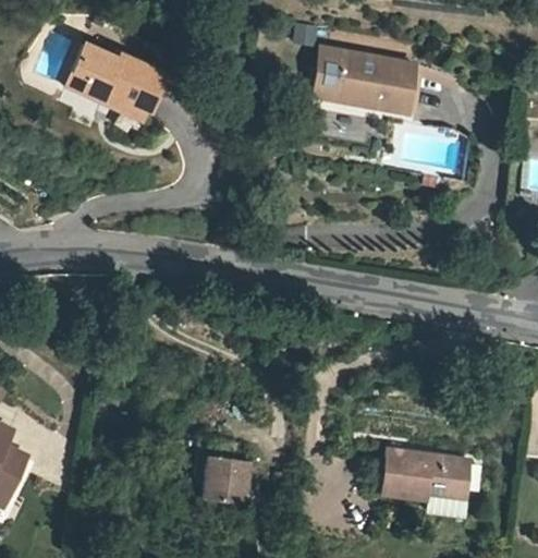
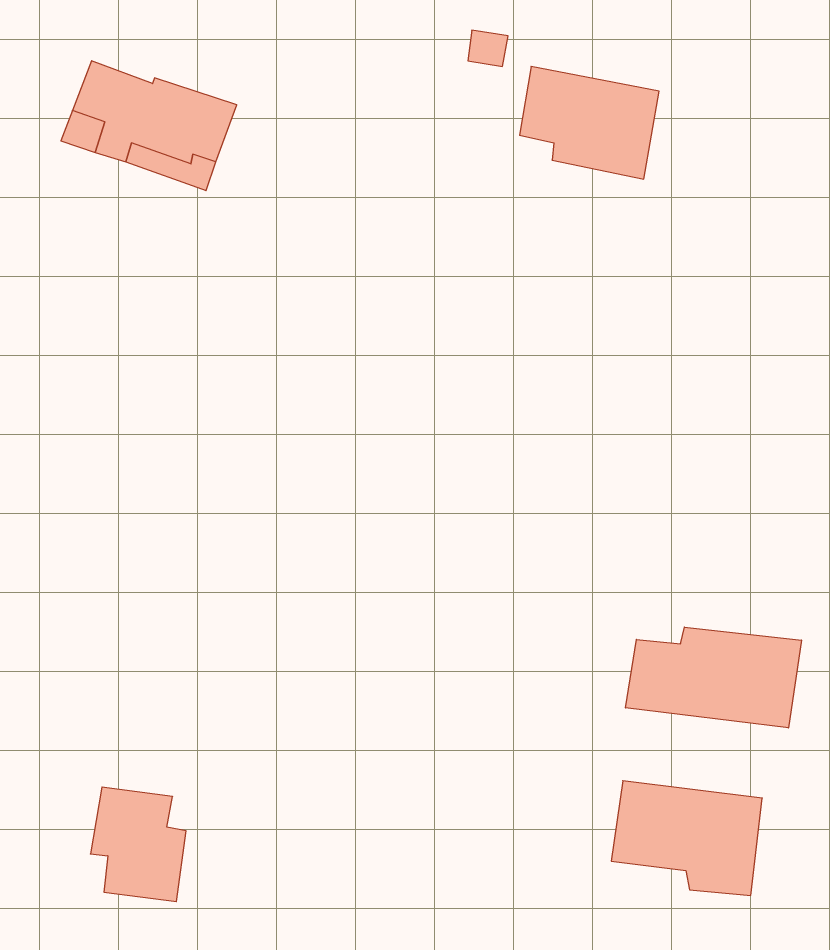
building: none -> [626,627,801,728]
building: [194,446,248,511] -> [90,787,186,902]

